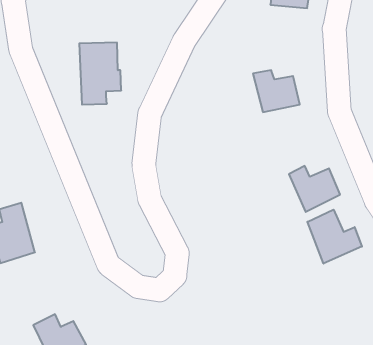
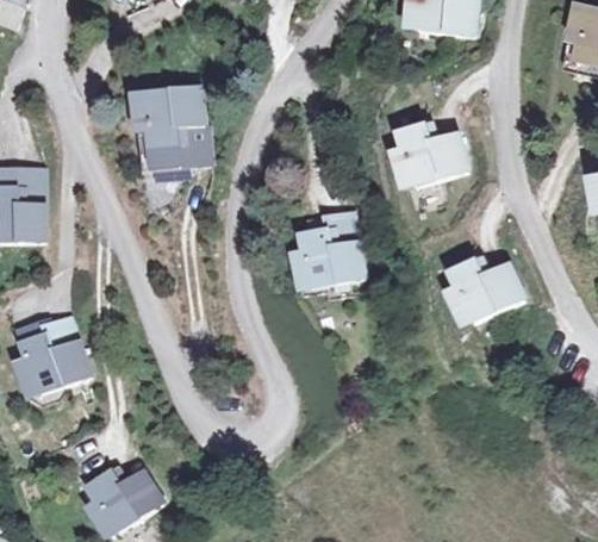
building: none -> [301,224,365,281]
building: [307,210,362,264] -> none

